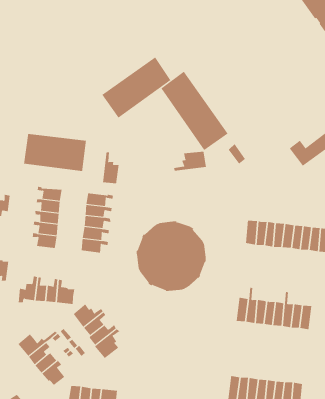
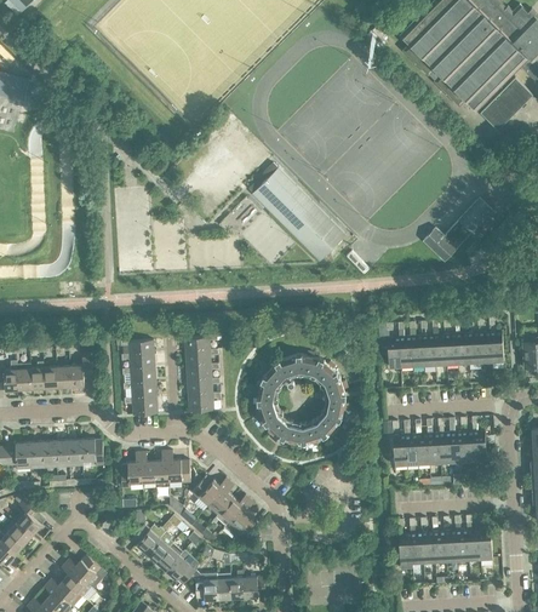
building: [102,57,171,118] -> none
building: [23,133,87,172] -> none
building: [174,151,206,172] -> none
building: [102,152,119,184] -> none

